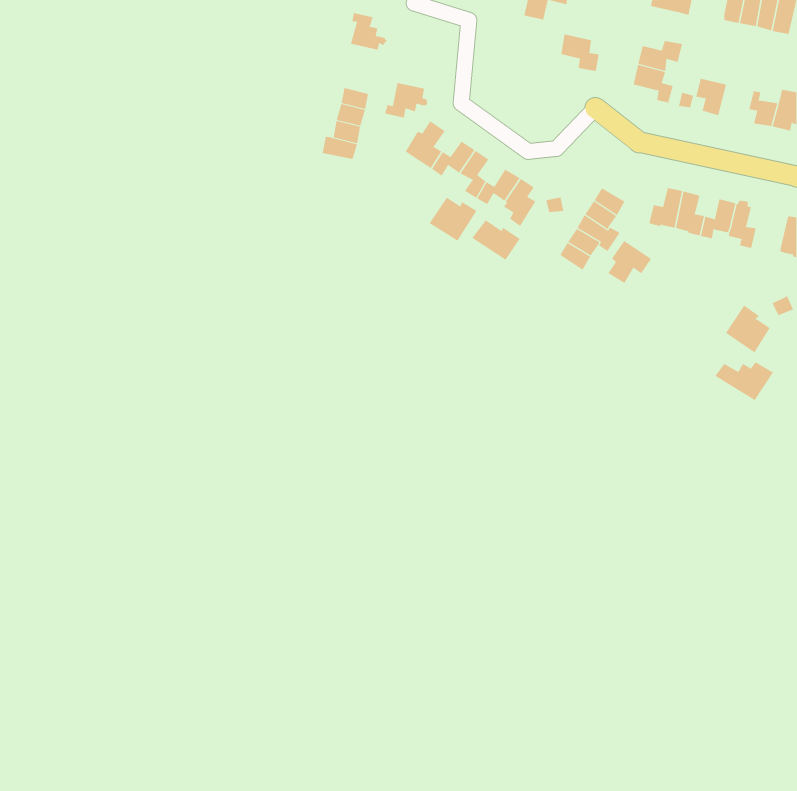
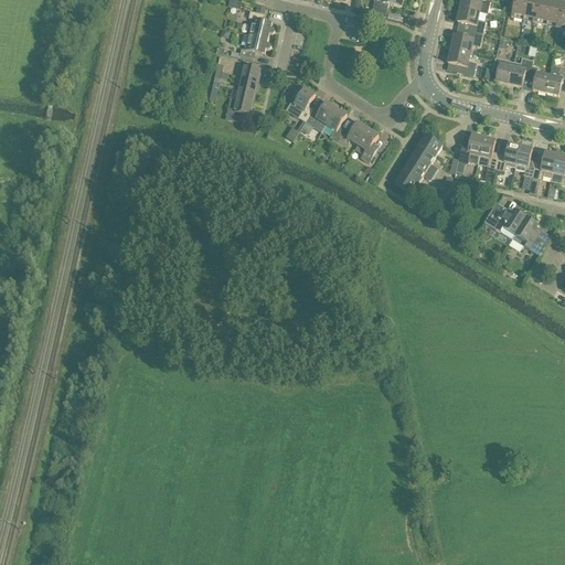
building: [561,34,600,71] -> [457,4,484,31]
building: none -> [508,55,533,85]
building: [384,82,428,118] -> [238,31,269,56]
building: [429,197,477,241] -> none
building: none -> [530,149,556,182]
building: [472,219,521,261] -> none
building: [607,240,652,284] -> none
building: [714,362,774,401] -> [483,207,525,235]

